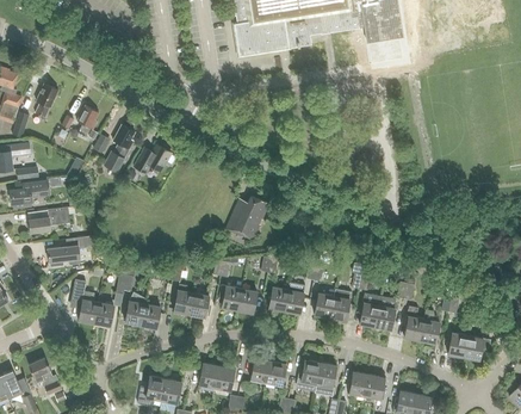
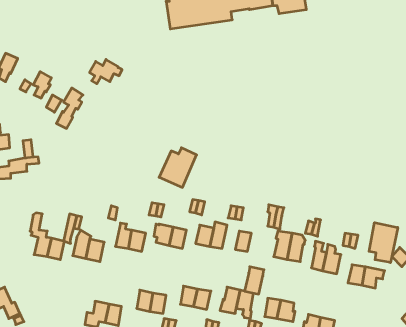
building: [137,144,175,173] -> [90,59,122,84]
building: [46,235,97,266] -> none
building: none -> [369,223,398,263]
building: [328,288,351,320] -> [245,267,264,294]

